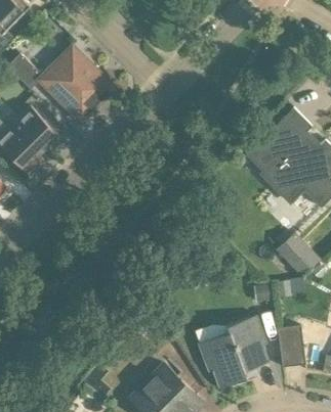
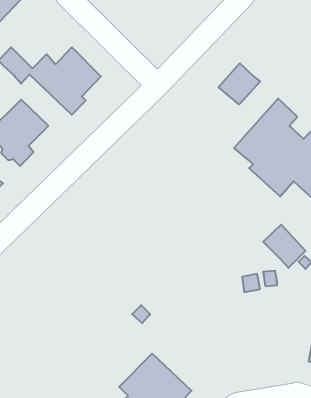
building: none -> [219,63,260,104]
building: [199,315,266,387] -> none
building: [277,325,305,367] -> none

